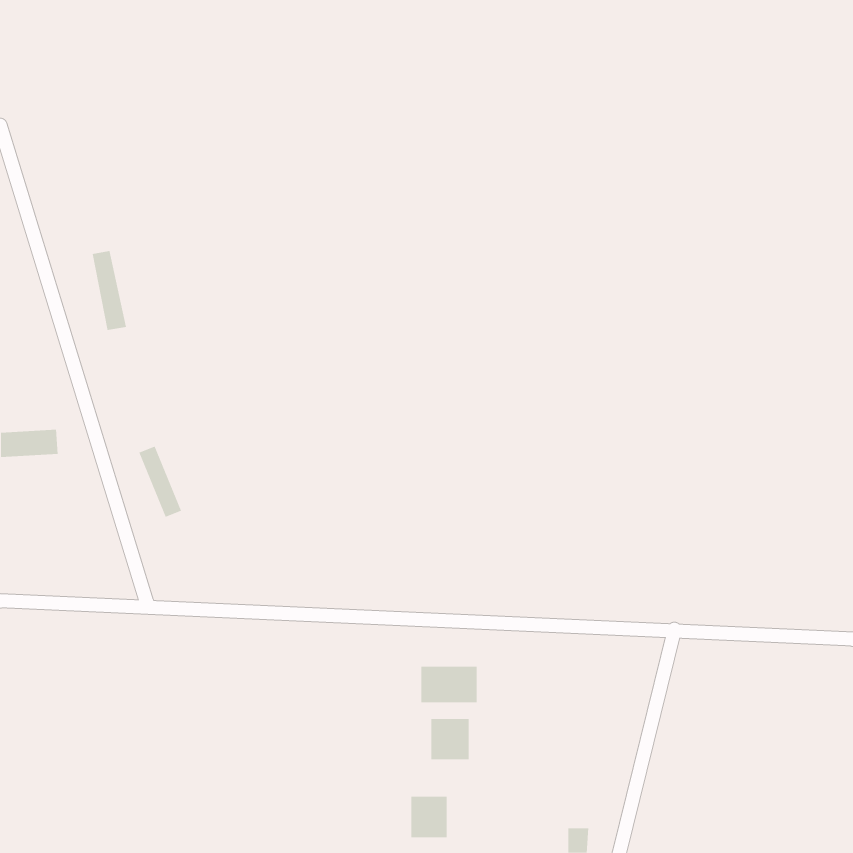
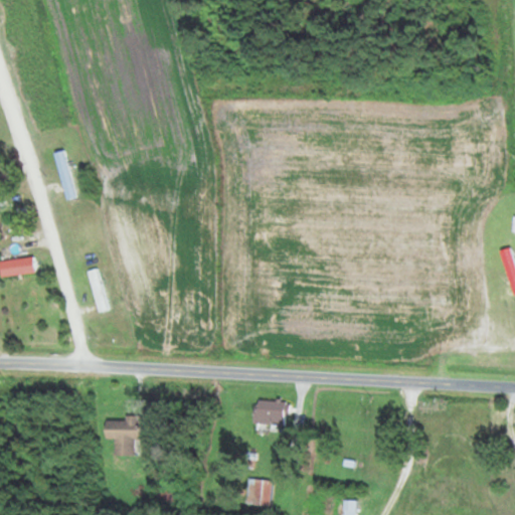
building: none -> [104,416,140,457]
building: [431,718,469,760] -> none

